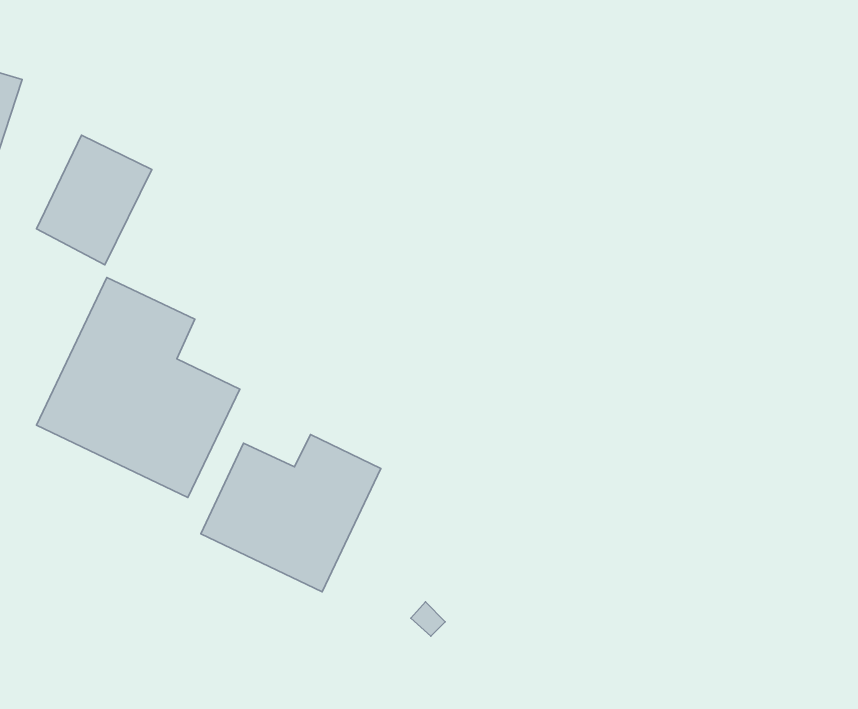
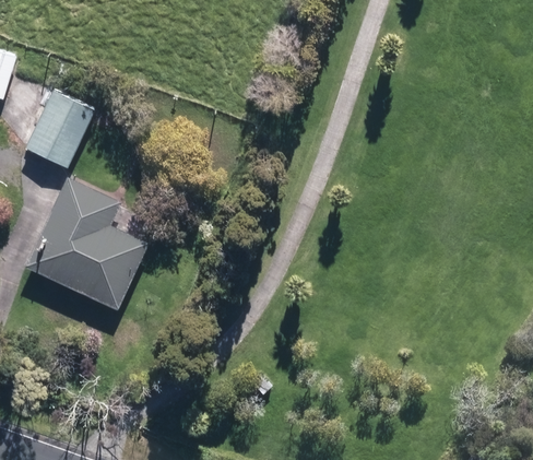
building: [201,434,381,592] -> none

